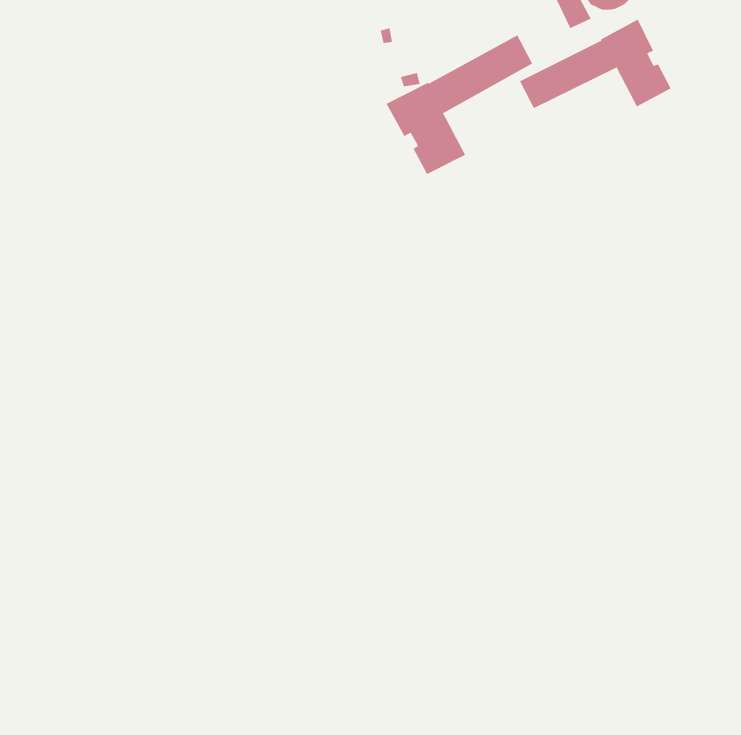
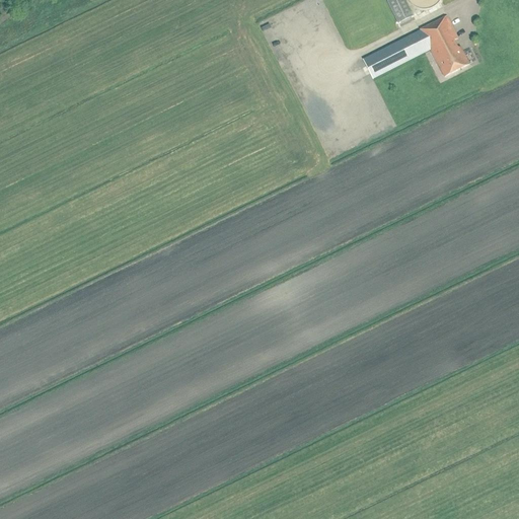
building: [386,35,533,175] -> none

